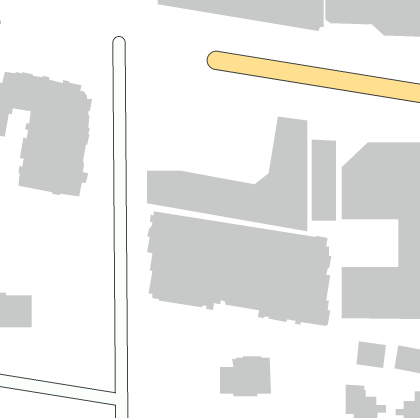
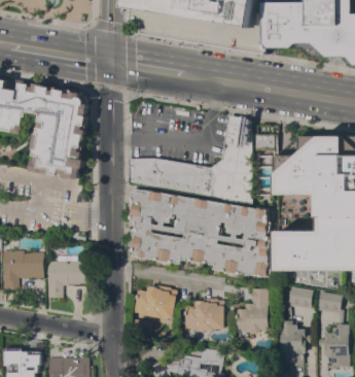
building: none -> [46,256,87,298]
building: none -> [133,285,177,318]
building: none -> [237,288,269,337]

